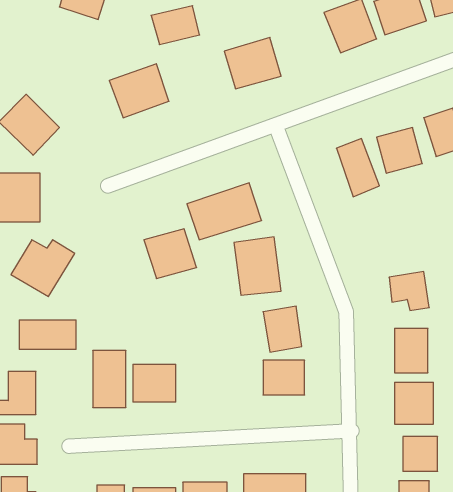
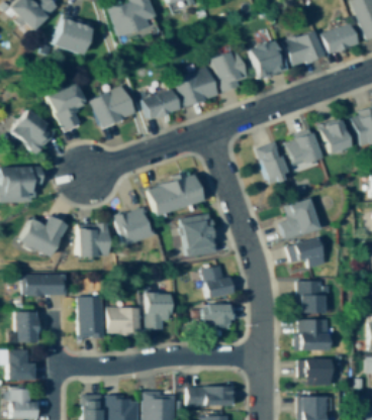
building: [151,6,200,45] -> [142,91,177,119]
building: none -> [209,49,248,92]
building: none -> [47,84,86,131]
building: none -> [280,199,318,238]
building: none -> [77,225,107,257]
building: none -> [147,294,169,329]

